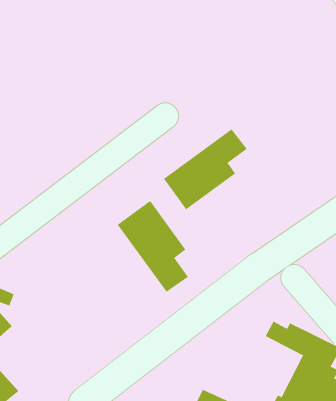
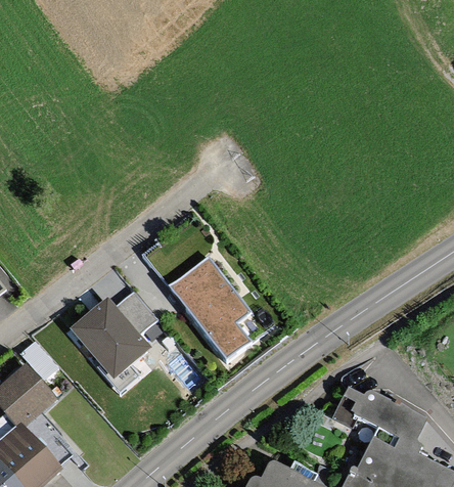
building: [163,129,248,210] -> none
building: none -> [71,292,157,381]

